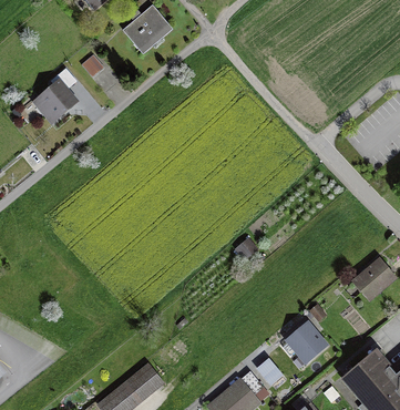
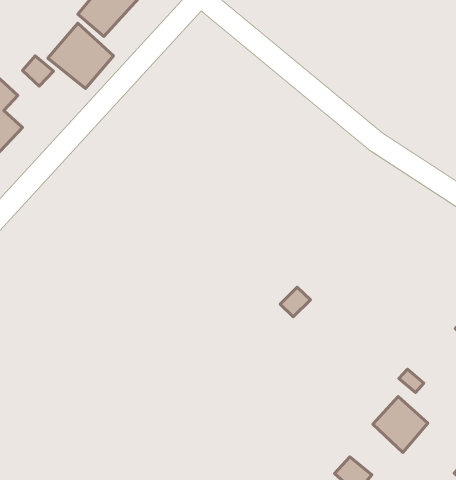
building: none -> [48,23,114,89]

